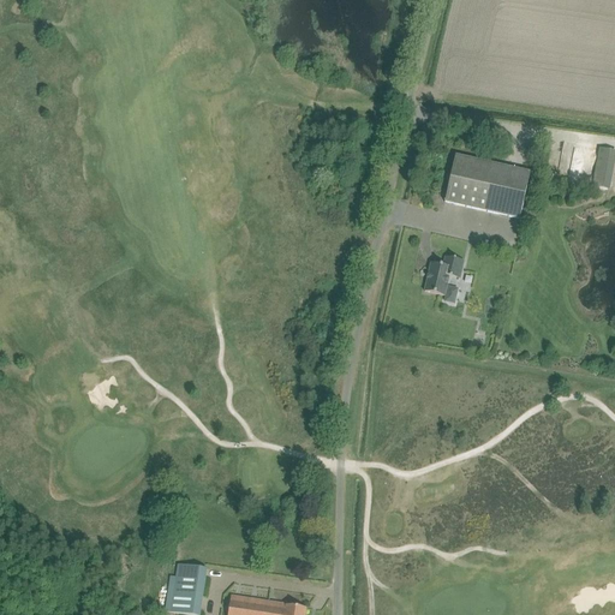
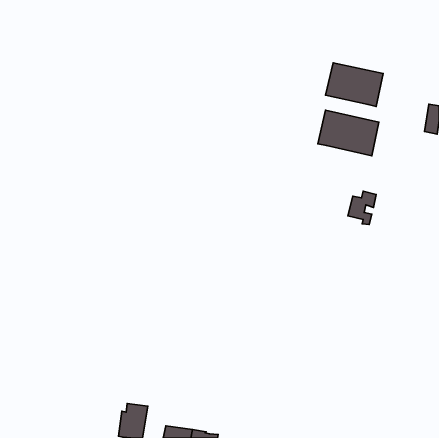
building: none -> [326,63,383,106]
building: [424,255,464,301] -> [348,191,376,225]

